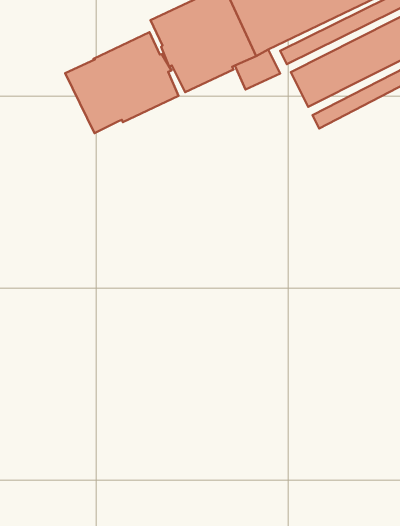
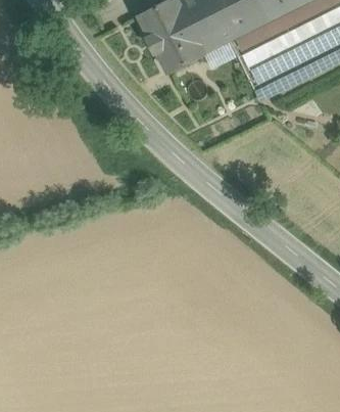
building: [65,32,179,133] -> none

